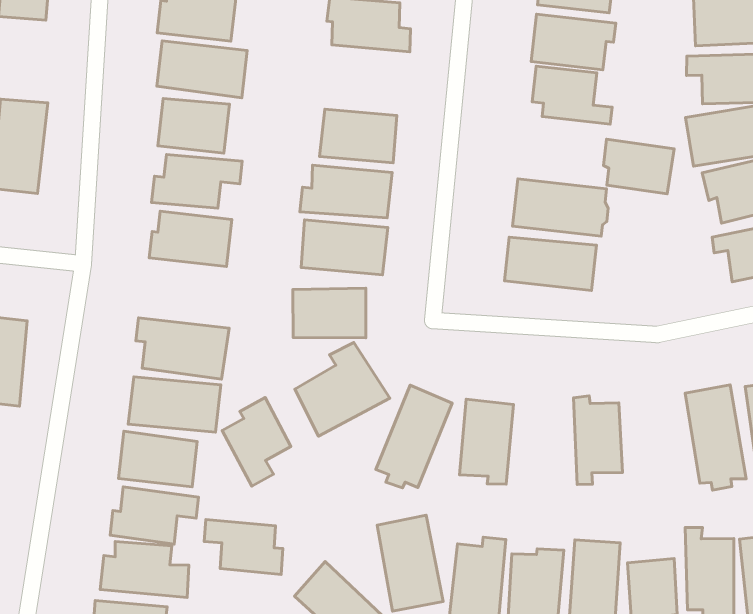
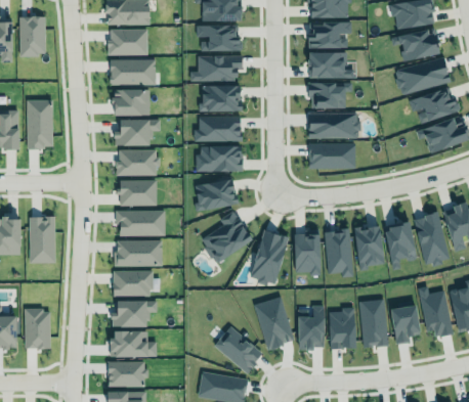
building: none -> [190,55,243,82]
building: [603,139,674,194] -> [309,83,346,108]
building: none -> [121,180,158,206]
building: [222,398,291,486] -> none
building: none -> [385,221,418,263]
building: none -> [326,230,353,277]
building: [204,519,283,574] -> none

